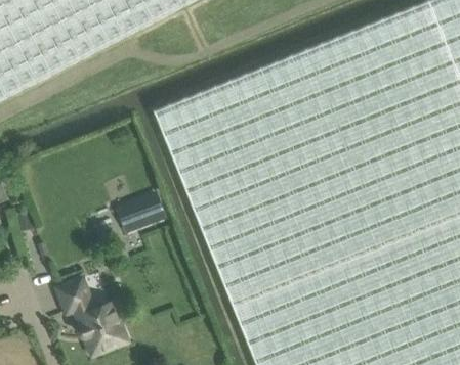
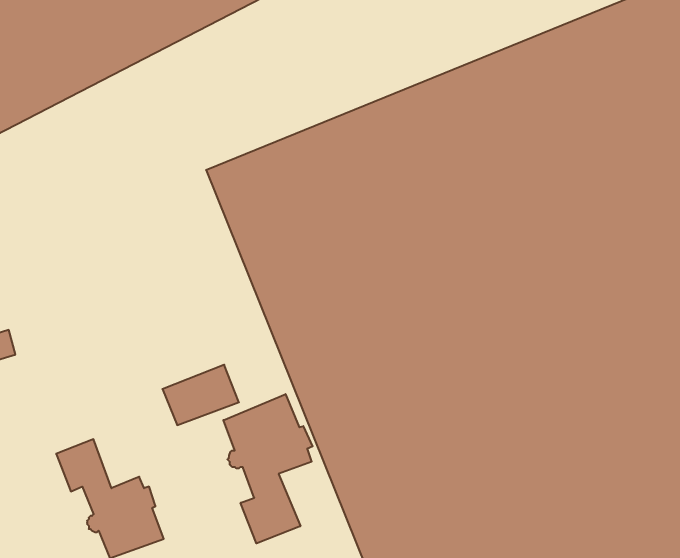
building: [119,194,167,232] -> [162,365,239,425]
building: none -> [223,394,313,543]

